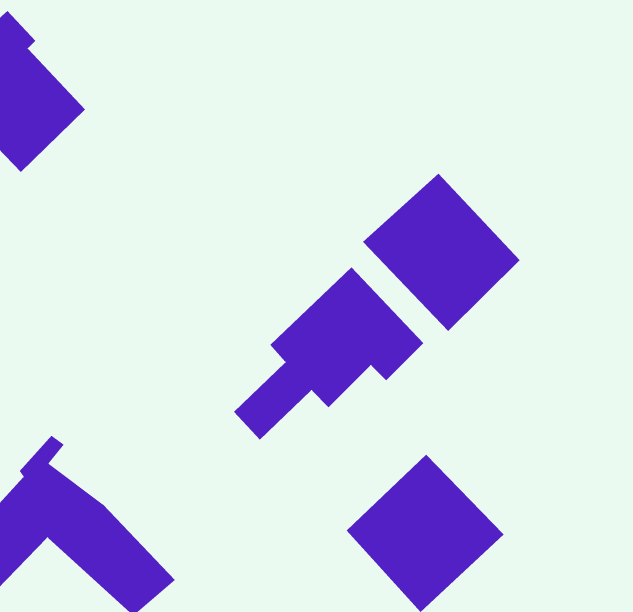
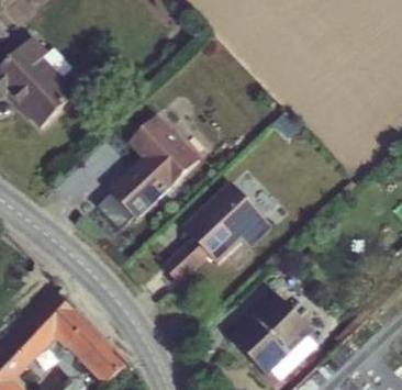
building: none -> [94,114,198,234]
building: [362,173,521,332] -> none

